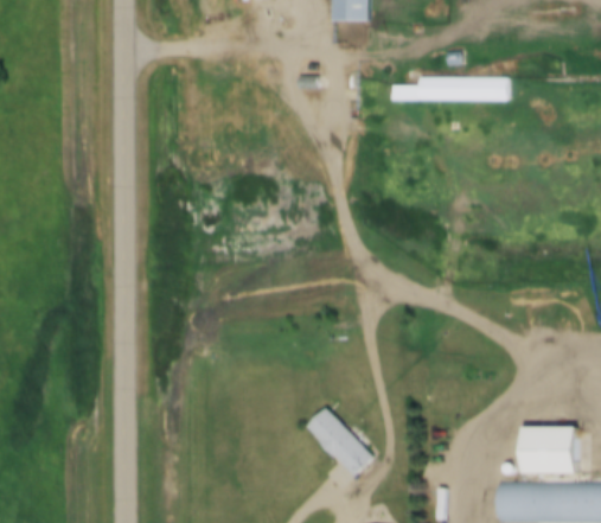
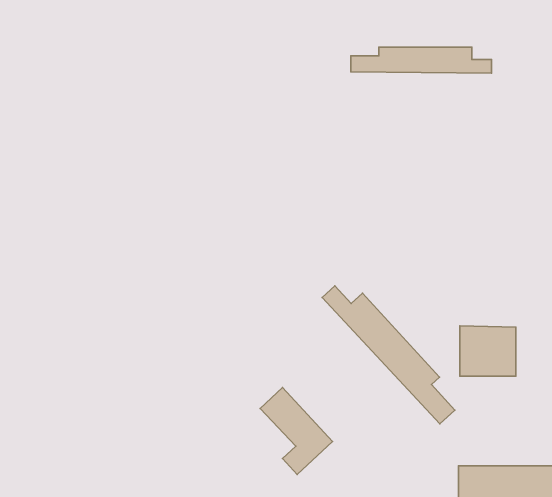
building: none -> [322,286,455,424]
building: [520,426,575,474] -> [460,326,516,376]

